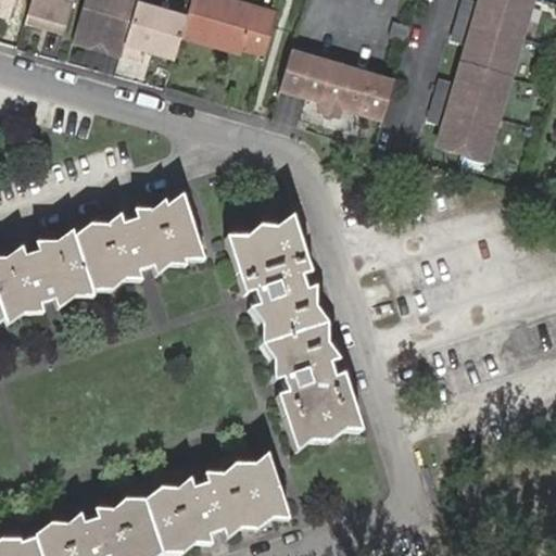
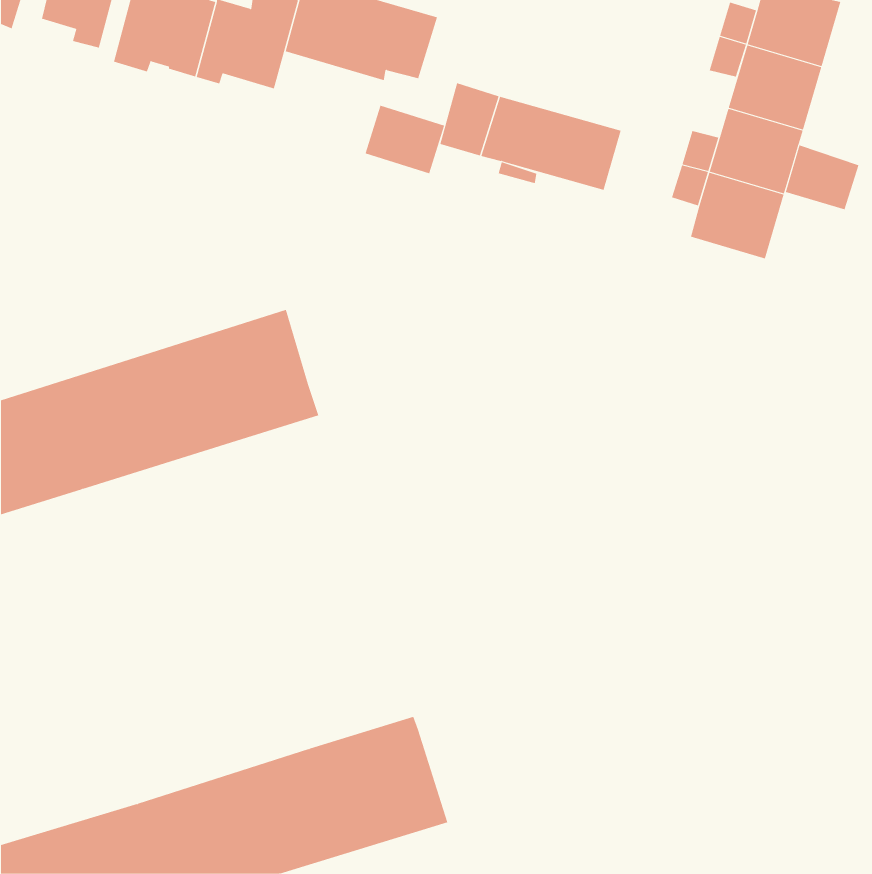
building: none -> [365,105,445,174]
building: none -> [785,145,859,210]
building: [225,215,361,454] -> none

